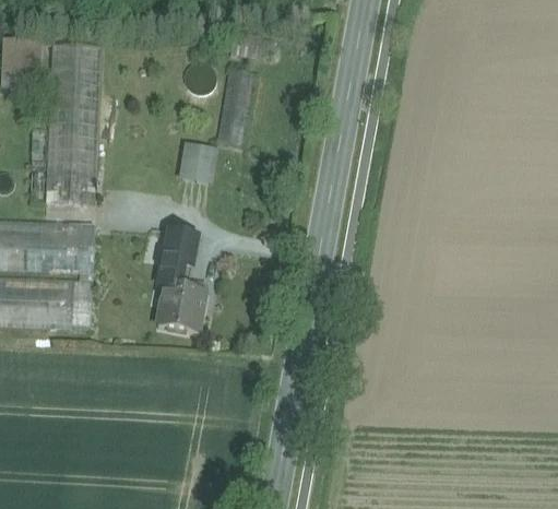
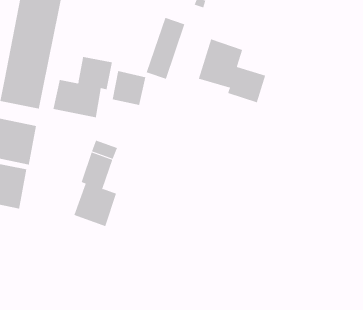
building: none -> [198,39,266,103]
building: none -> [53,56,113,118]

